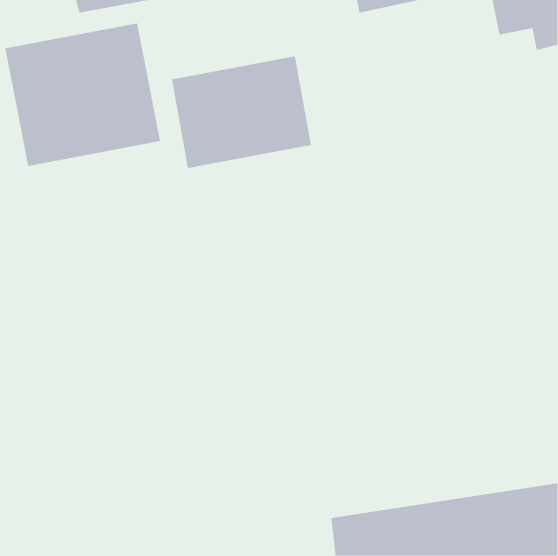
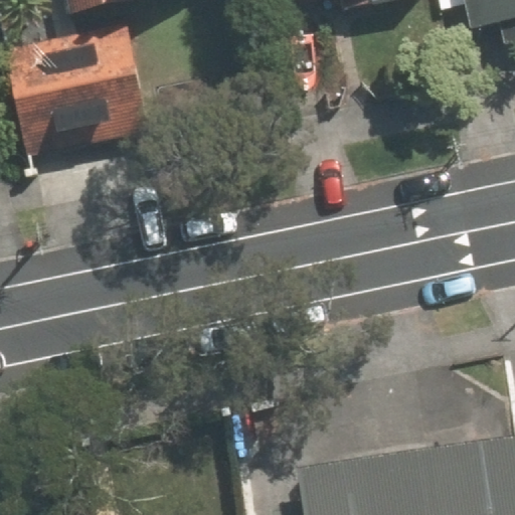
building: [171,56,311,169] -> none

